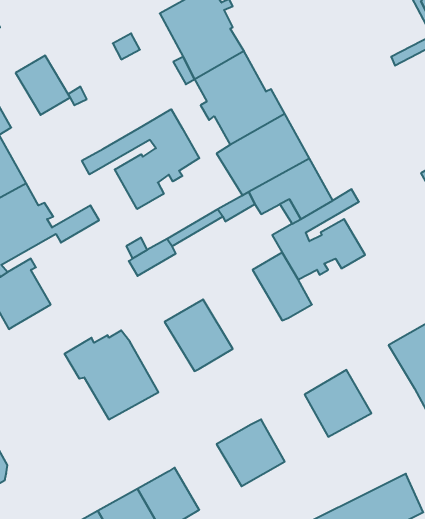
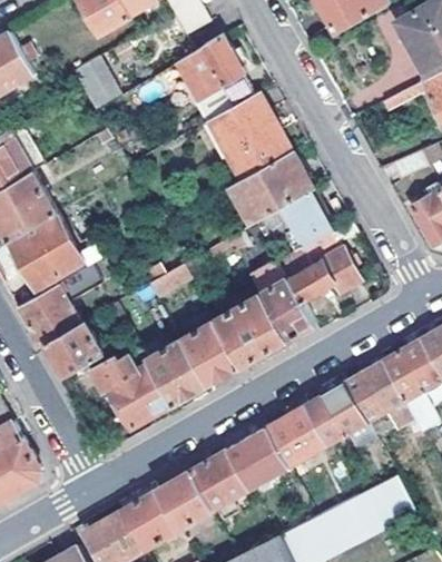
building: [16,56,70,115] -> [72,57,121,110]
building: [82,109,199,209] -> none
building: none -> [215,293,286,364]
building: none -> [46,322,102,375]
building: none -> [149,339,207,403]
building: none -> [344,361,405,422]
building: none -> [267,405,327,465]
building: none -> [189,450,249,509]

